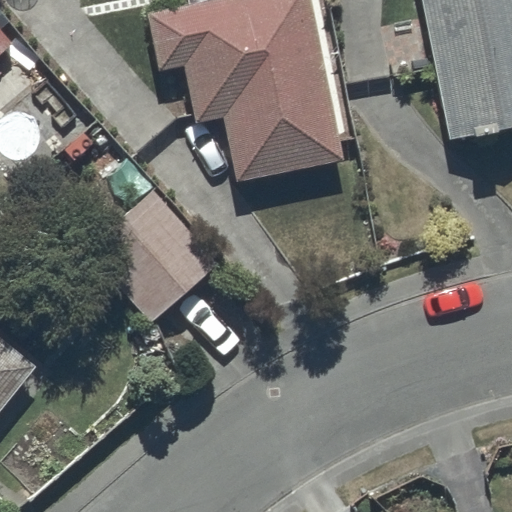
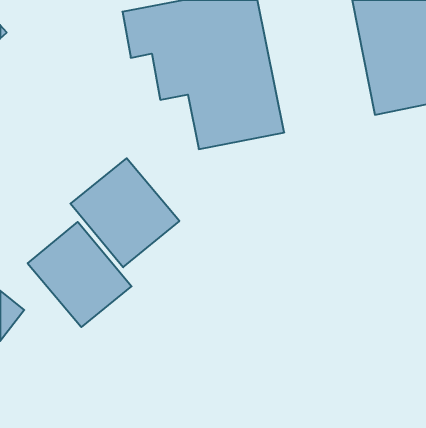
building: none -> [28,222,132,327]

